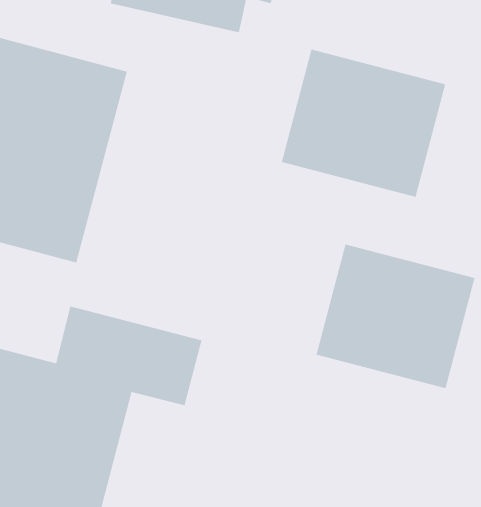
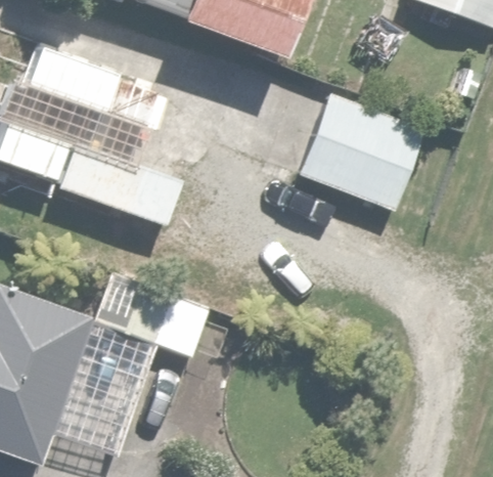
building: [316,244,475,389] -> none

